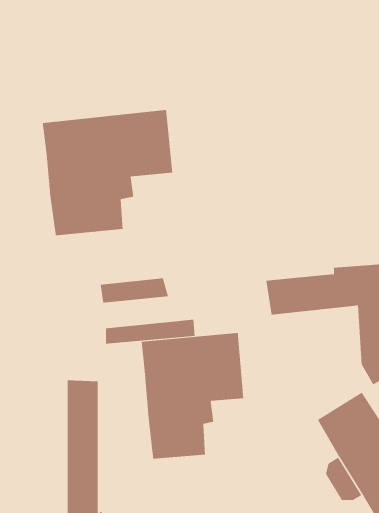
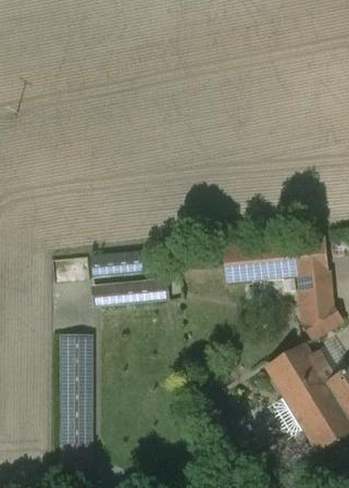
building: [42,109,173,236] -> none
building: [141,332,244,460] -> none

